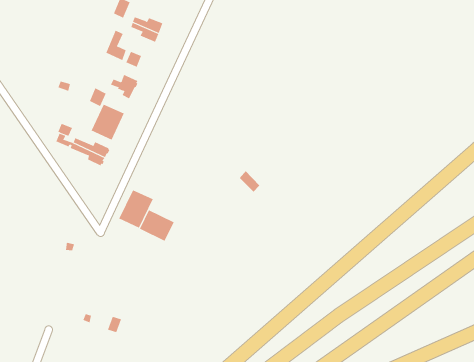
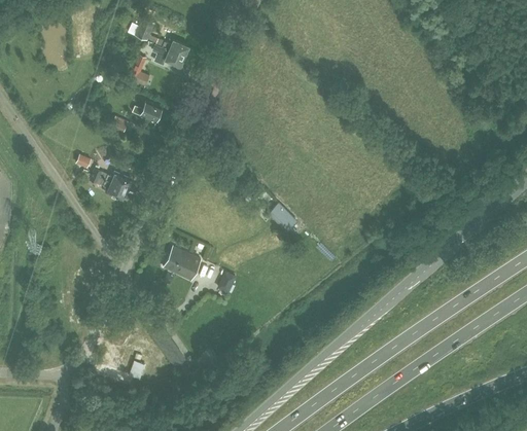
building: [91,104,124,140] -> none
building: [118,189,153,228] -> none

